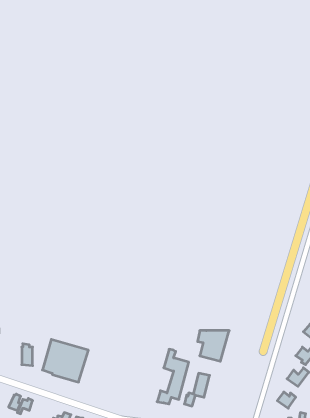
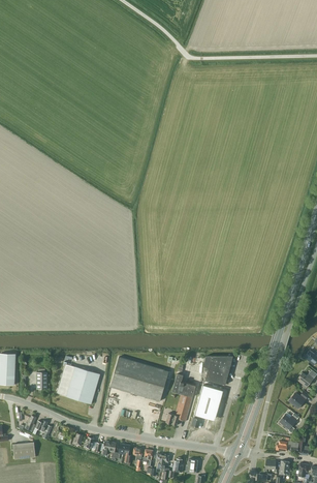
building: none -> [110,357,168,401]

